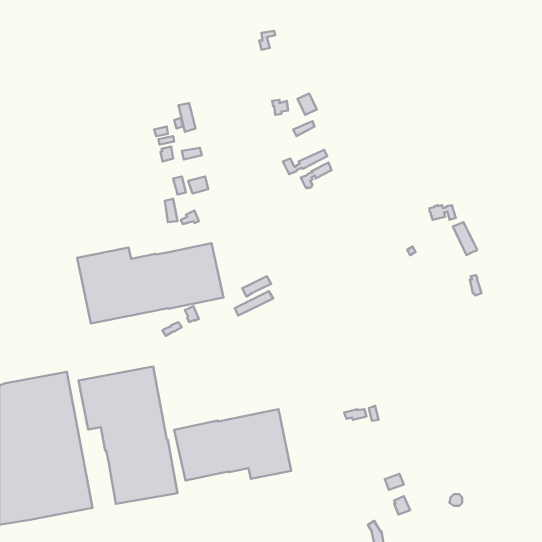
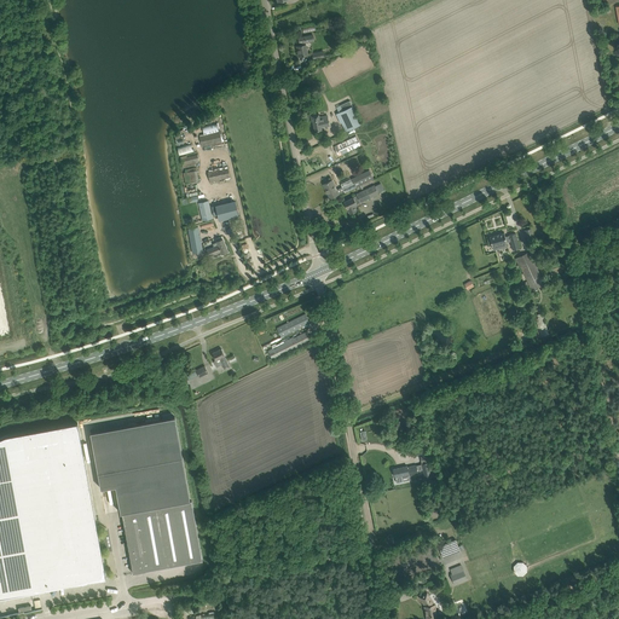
building: [77,243,224,324] -> none
building: [174,409,291,481] -> none

